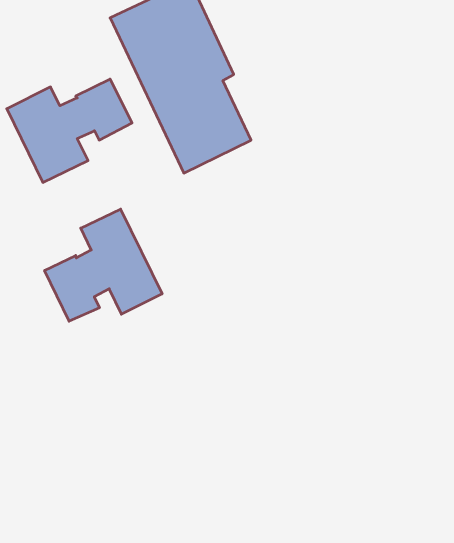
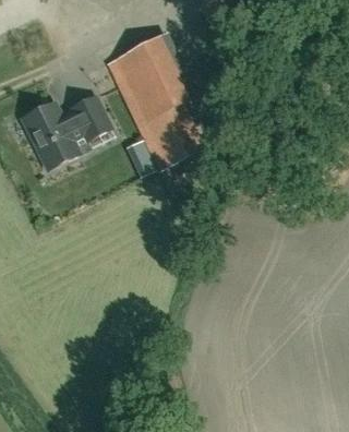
building: [45,209,162,321] -> none

